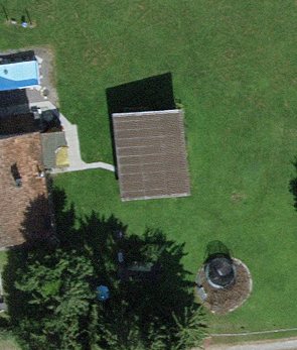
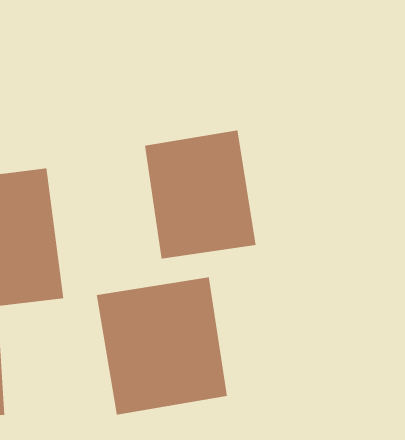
building: none -> [96,277,228,416]

